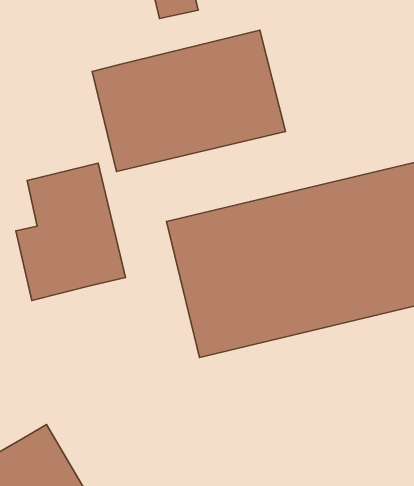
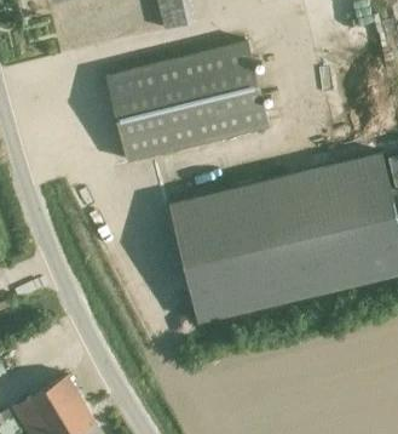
building: [16,163,126,300] -> none

